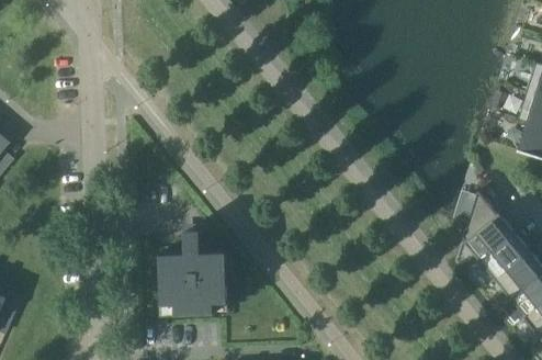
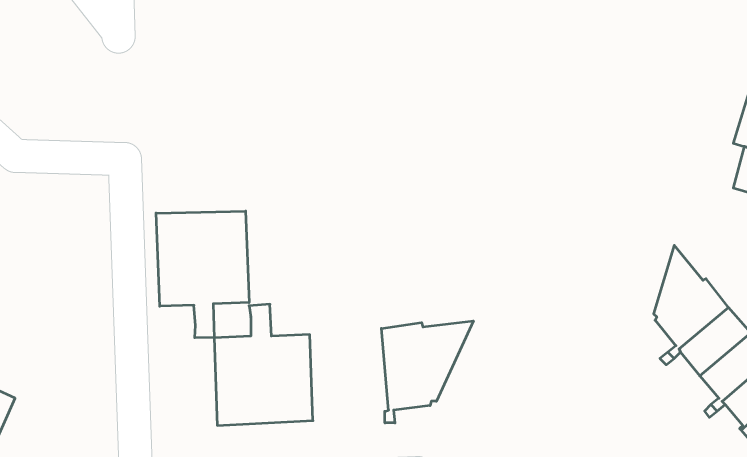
building: none -> [156,211,249,338]
building: none -> [381,321,473,423]

